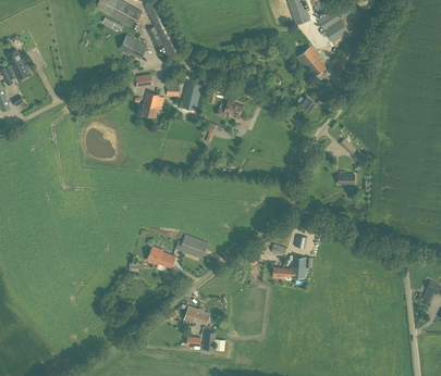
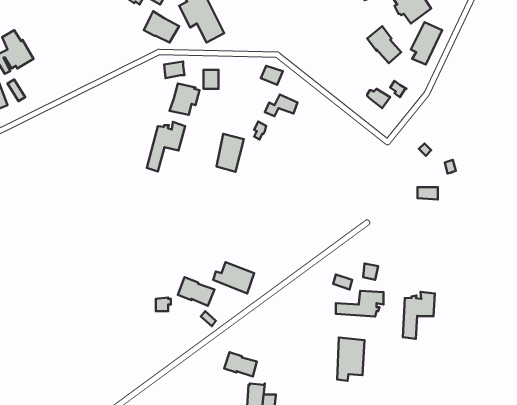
building: [180,80,201,111] -> [216,134,244,172]
building: none -> [147,122,185,171]
building: none -> [403,292,435,339]
building: none -> [337,338,365,381]

